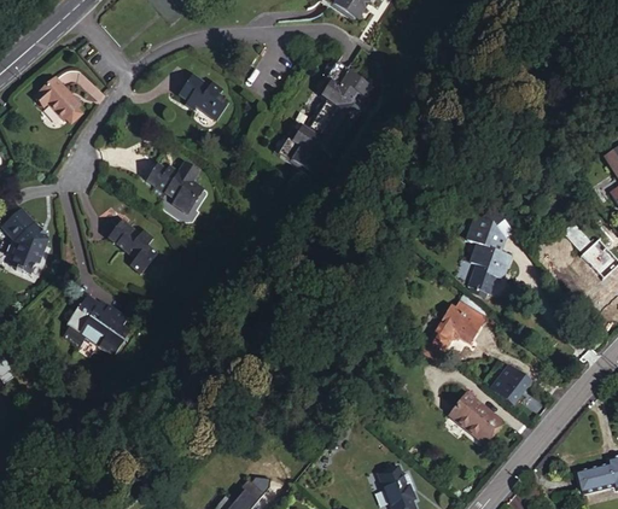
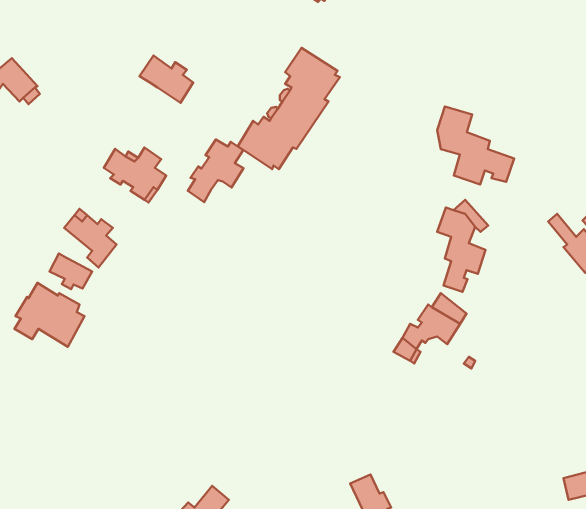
building: none -> [437,107,514,185]
building: none -> [188,139,244,202]
building: none -> [50,253,92,289]
building: [490,368,530,406] -> none
building: [448,392,500,443] -> none

